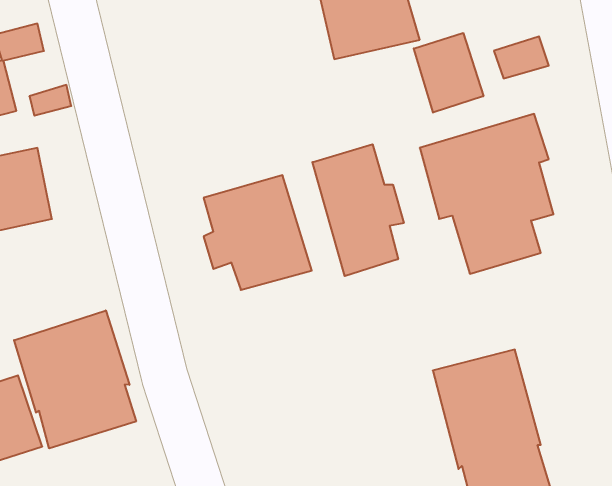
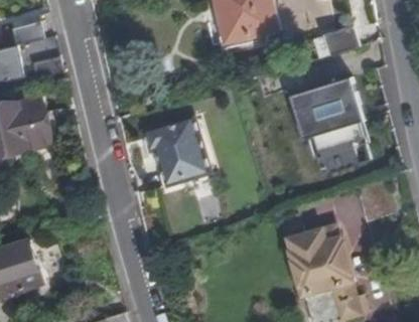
building: [414,33,483,113] -> none
building: [312,144,404,276] -> none
building: [14,310,136,448] -> none

